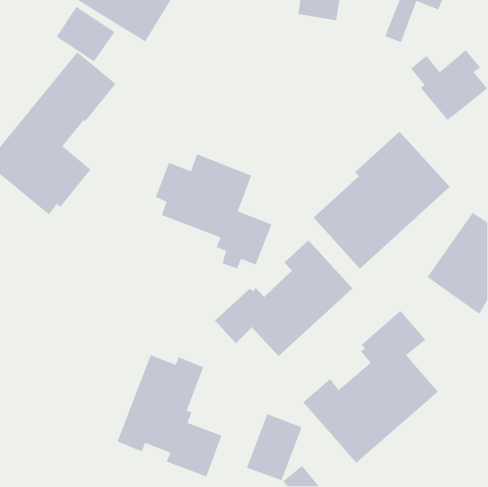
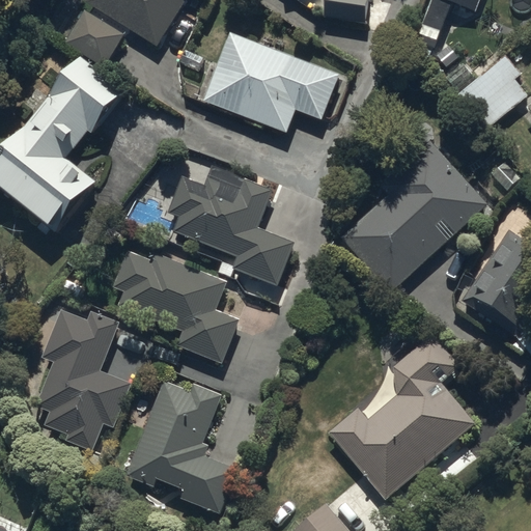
building: none -> [202,31,338,134]
building: none -> [112,249,239,362]
building: [214,239,353,357] -> none
building: none -> [35,308,131,451]
building: [246,413,302,481] -> none

